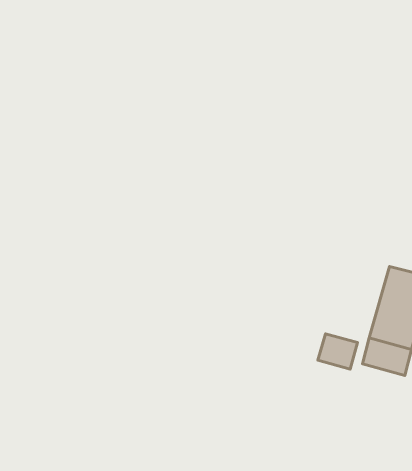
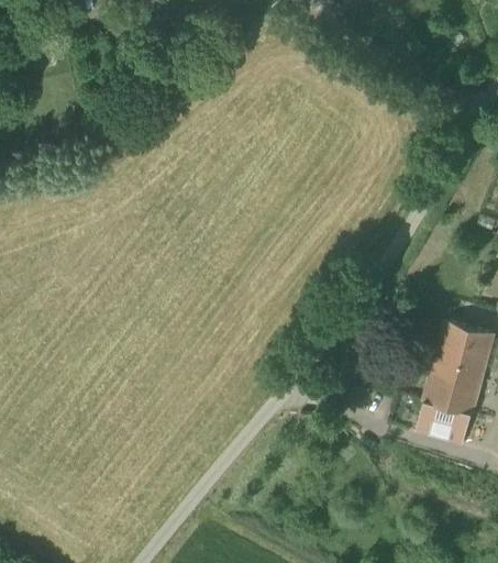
building: [318,334,357,369] -> none

